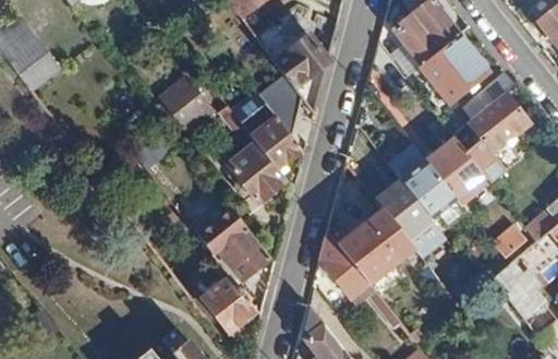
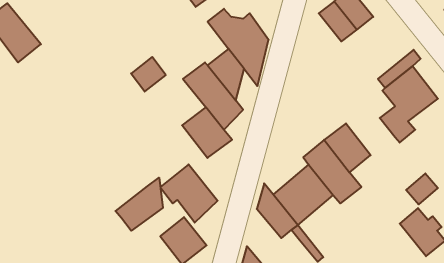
building: [416,33,484,100] -> none
building: [423,139,482,199] -> none
building: none -> [115,178,163,231]

